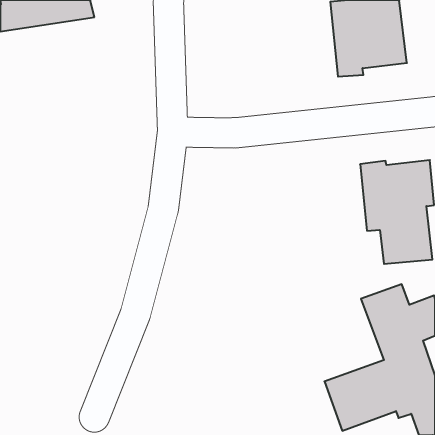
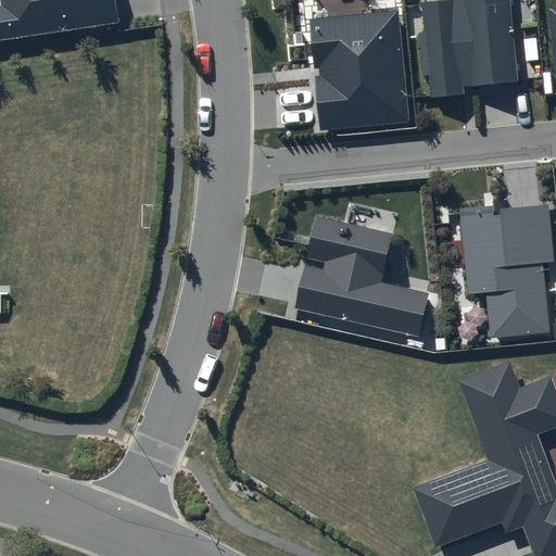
building: none -> [309,10,408,130]
building: none -> [294,216,429,338]

